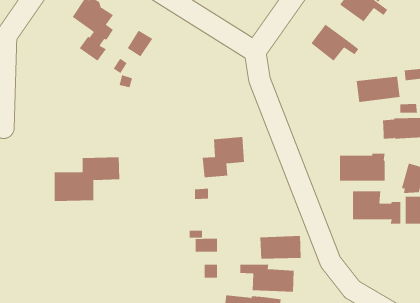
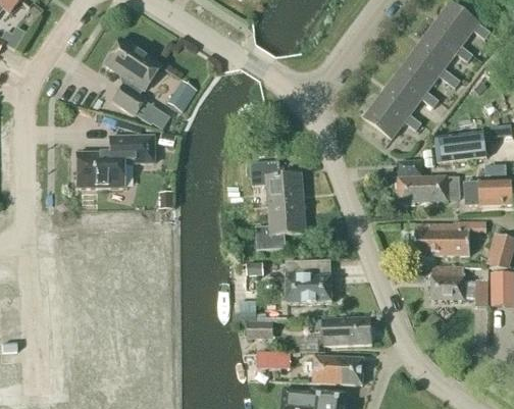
building: none -> [399,48,460,91]
building: none -> [364,93,421,138]
building: none -> [250,160,303,205]
building: none -> [397,160,466,202]
building: [54,157,120,201] -> [75,136,153,188]
building: none -> [286,259,331,303]

